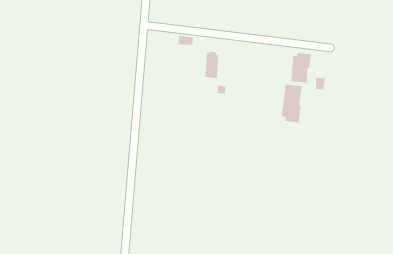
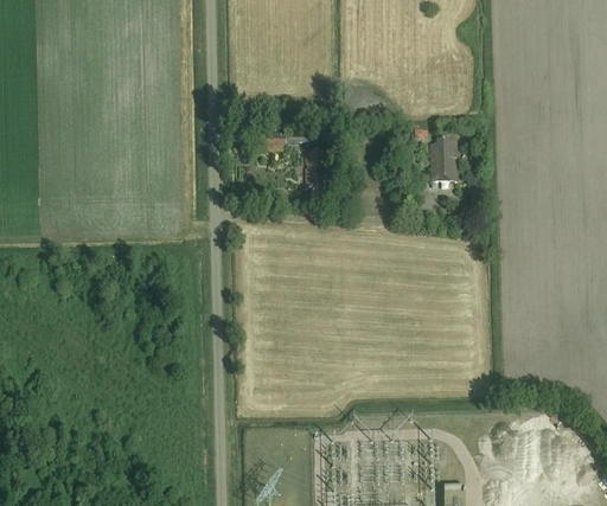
building: [281,84,302,123] -> none

